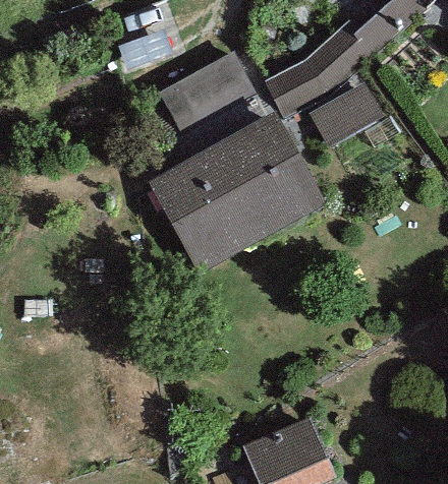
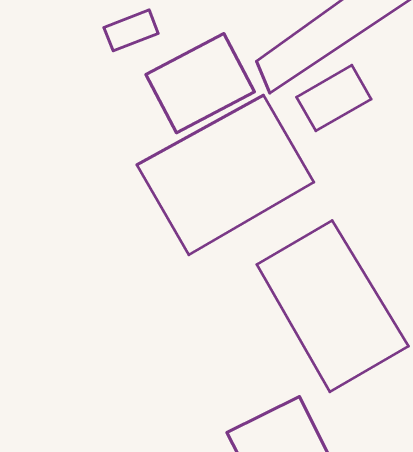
building: none -> [257,221,408,392]

